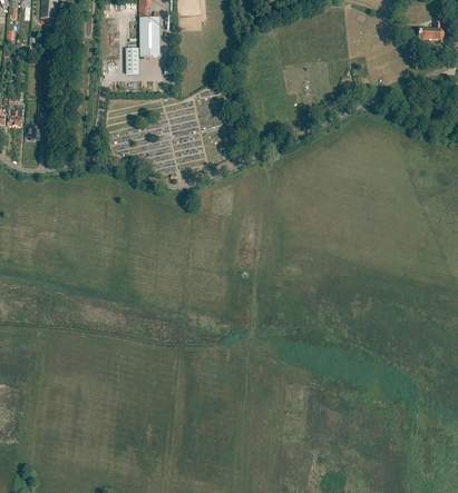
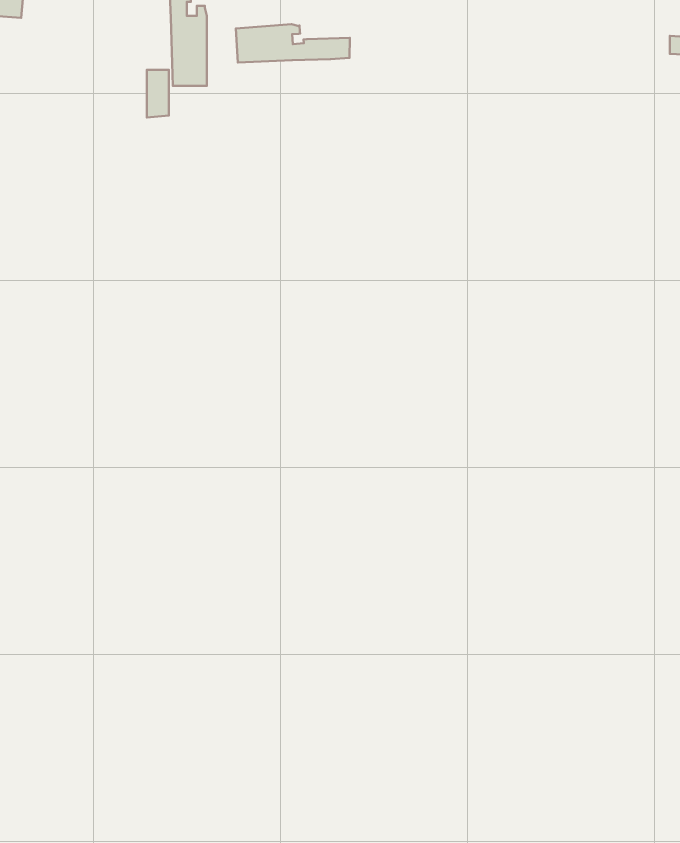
building: none -> [236,24,350,62]

